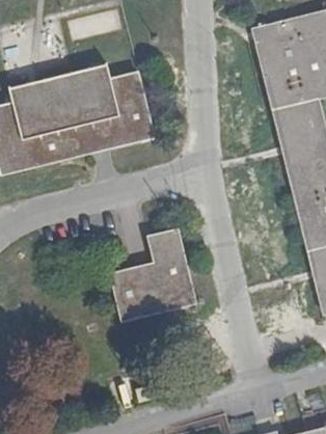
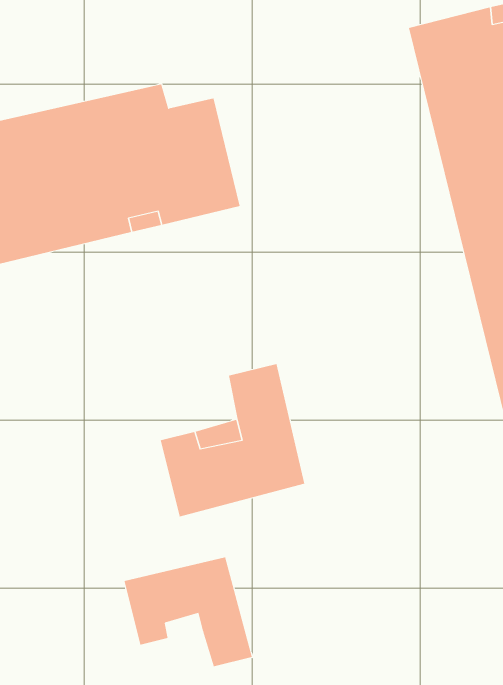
building: none -> [124,556,253,667]

